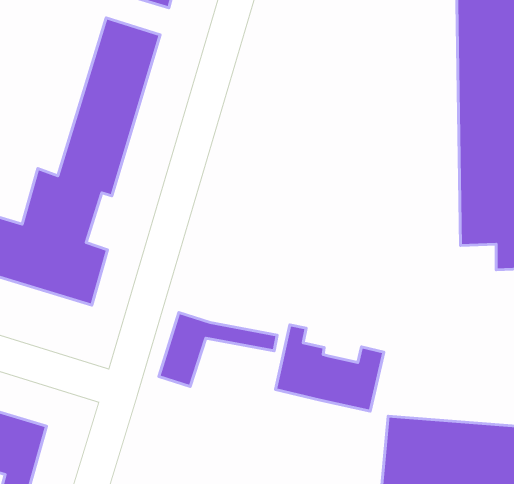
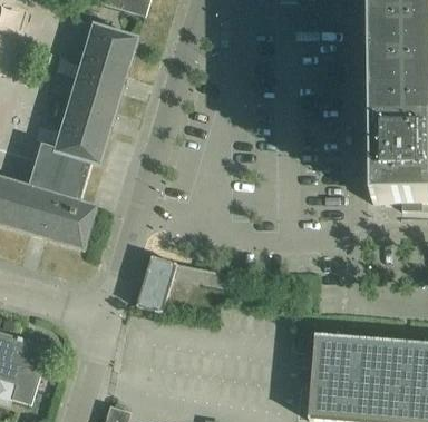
building: [275,325,384,411] -> none

